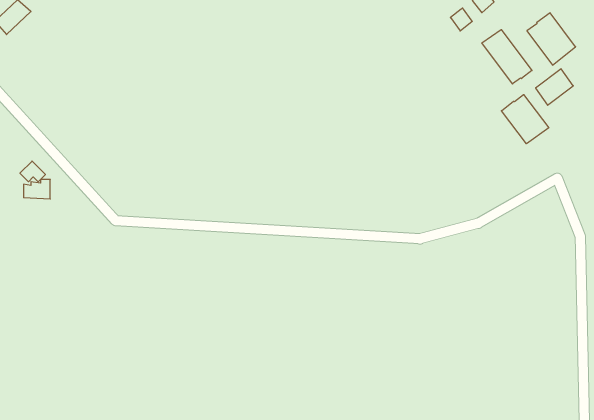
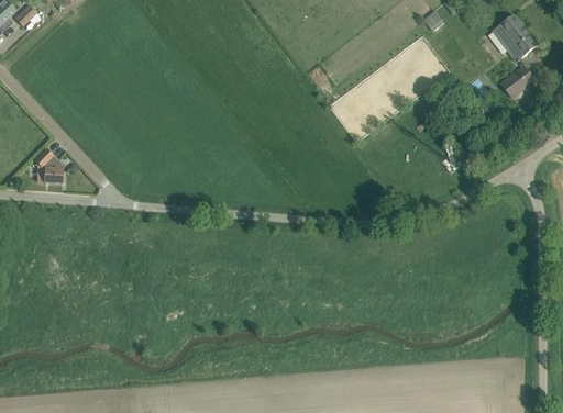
building: [482,30,532,84] -> none
building: [501,95,549,144] -> none

